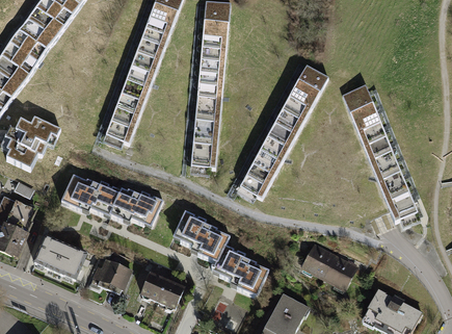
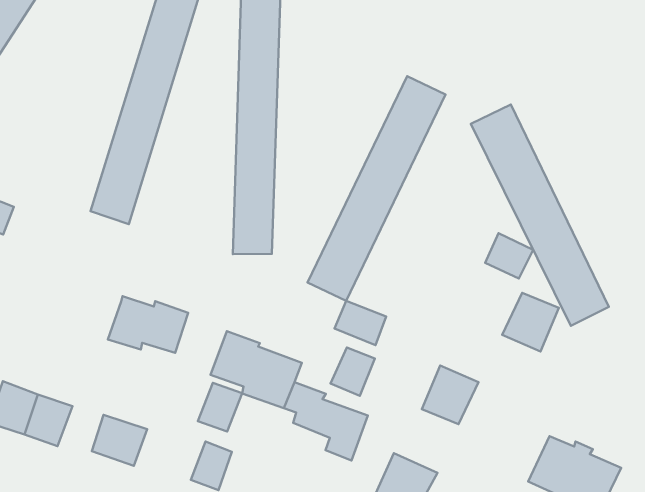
building: none -> [485,233,533,278]
building: [61,174,122,216] -> none
building: none -> [334,301,386,345]
building: none -> [330,348,375,396]
building: [323,253,358,289] -> [502,293,559,351]
building: [140,273,168,303] -> [198,383,242,431]

